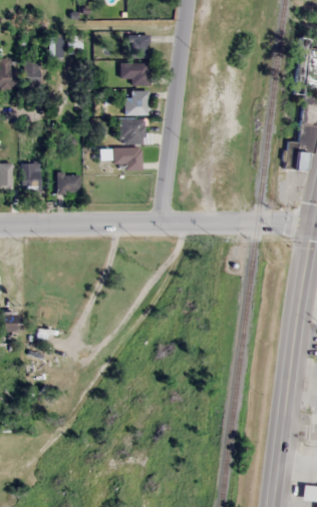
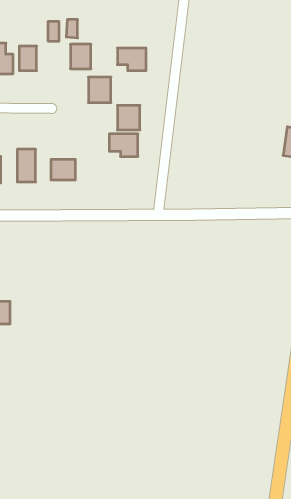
building: [129,34,149,58] -> [70,44,91,69]
building: [127,90,149,115] -> [88,77,111,103]

